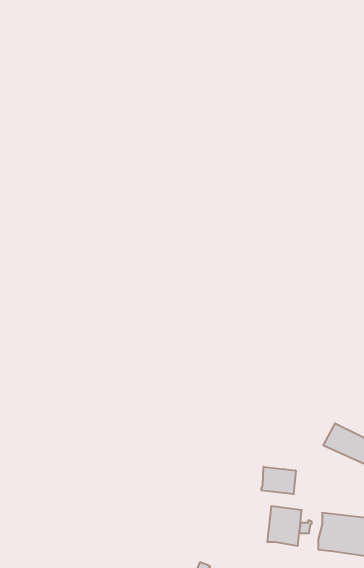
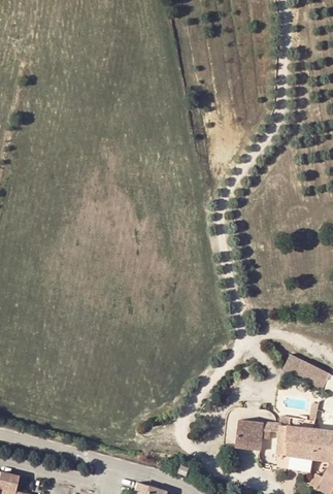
building: [261,467,296,494] -> none

